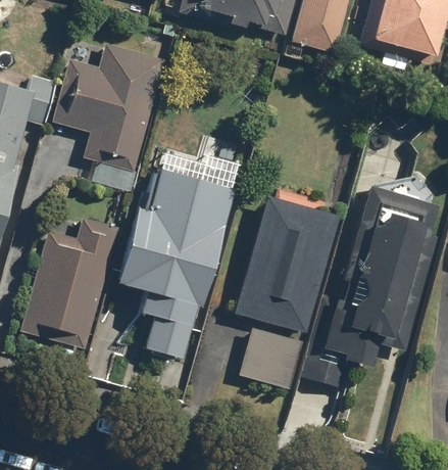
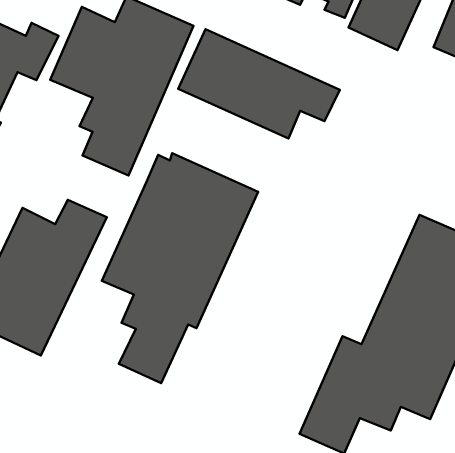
building: none -> [178,29,340,139]
building: [238,192,340,329] -> none
building: [239,325,302,387] -> none

